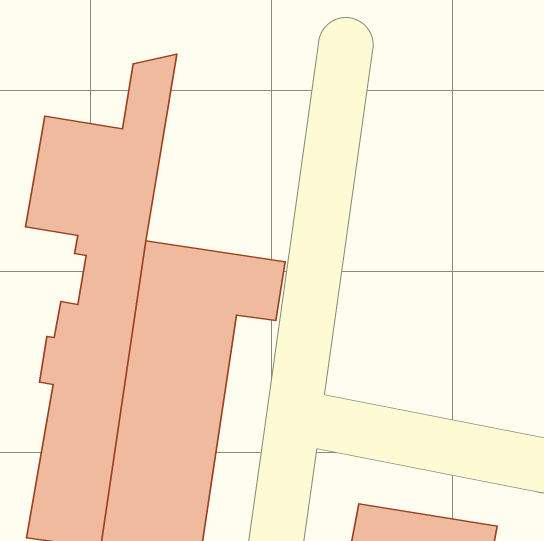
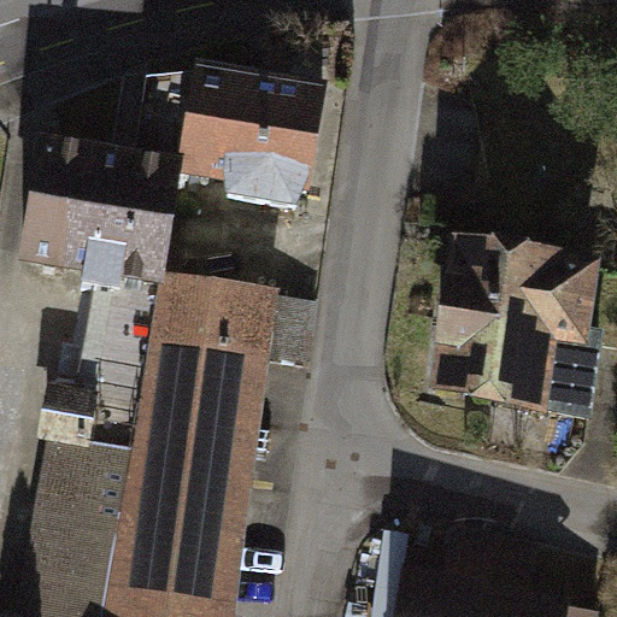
building: none -> [183,65,325,211]
building: none -> [430,236,603,424]

